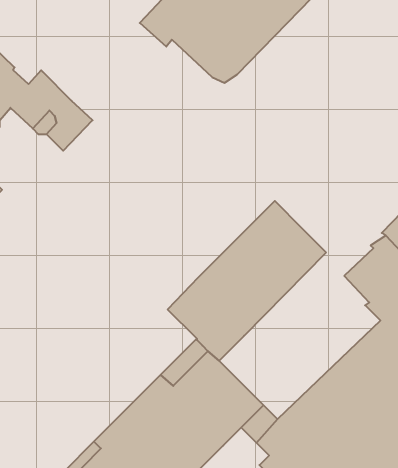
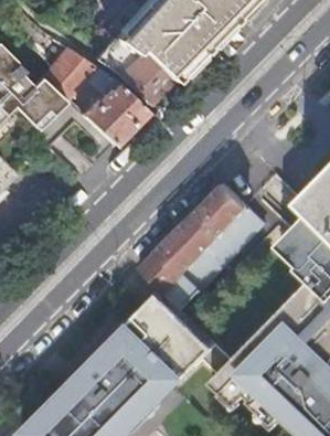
building: none -> [95,36,174,106]
building: none -> [40,46,146,146]

